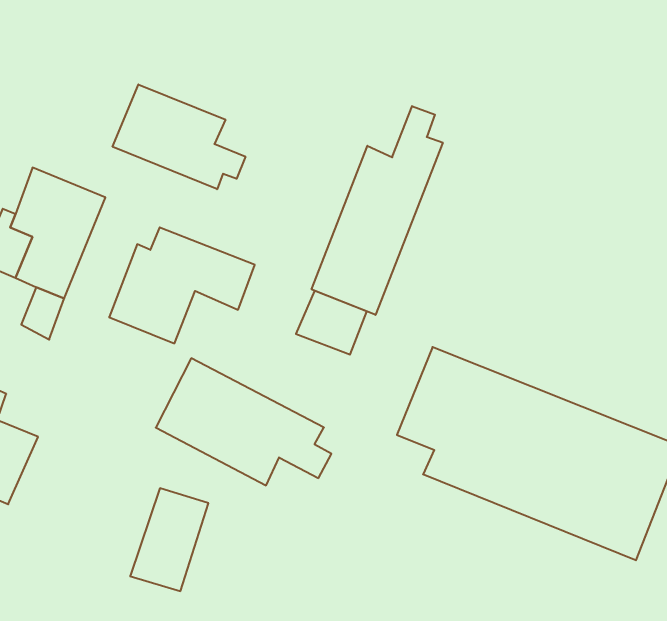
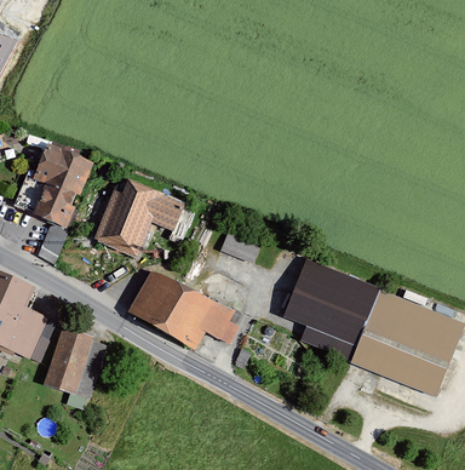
building: [113,84,245,189] -> none
building: [312,106,443,315] -> none
building: [130,488,208,591] -> [42,326,93,392]

